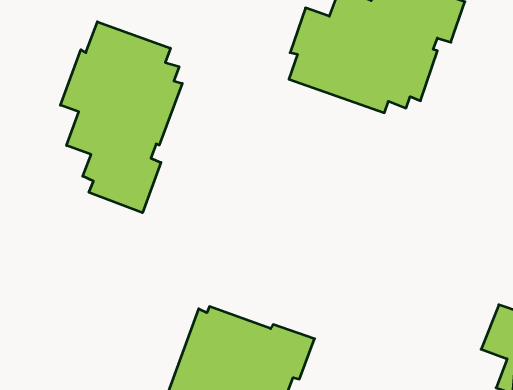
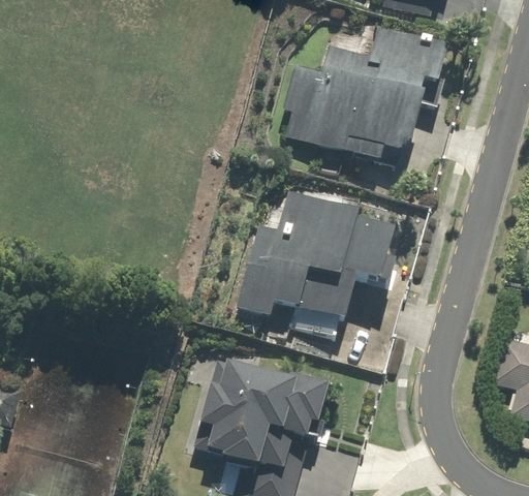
building: [60,22,182,213] -> none
building: none -> [238,189,399,333]

